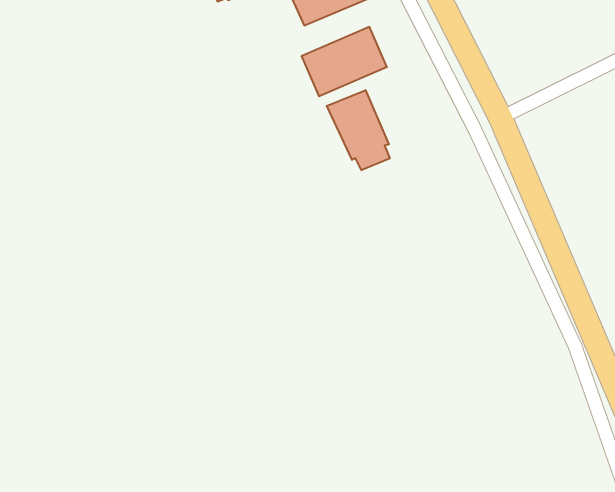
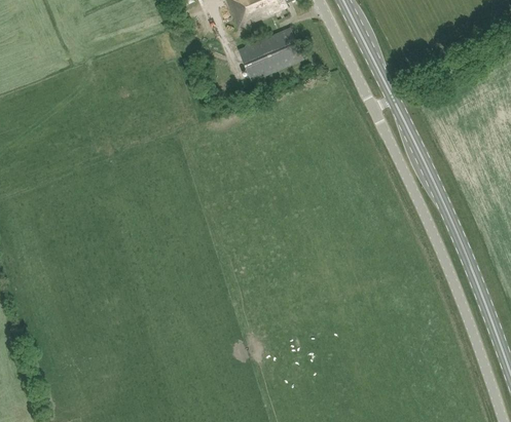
building: [327,90,390,170] -> none

